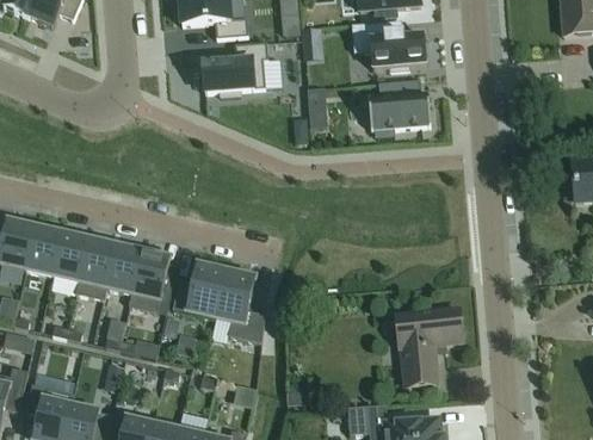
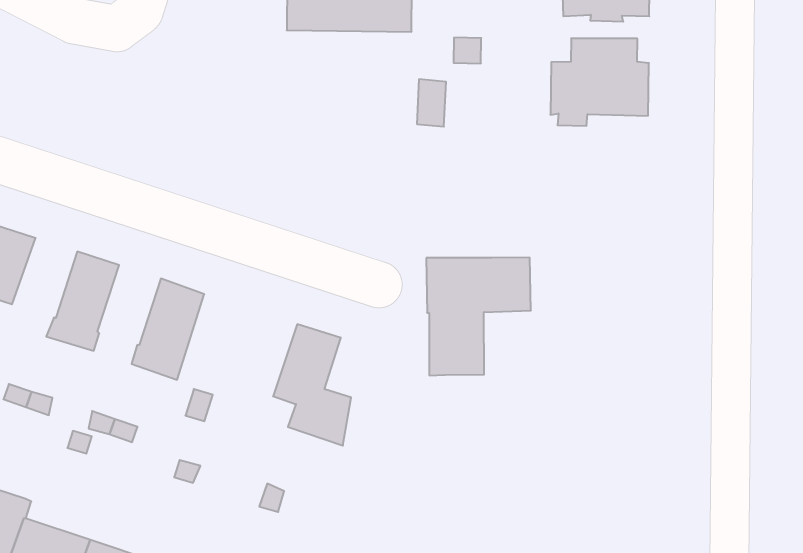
building: [51,233,88,280] -> none
building: [105,244,141,292] -> none
building: [172,264,227,316] -> none
building: [395,308,462,385] -> [426,258,531,375]

